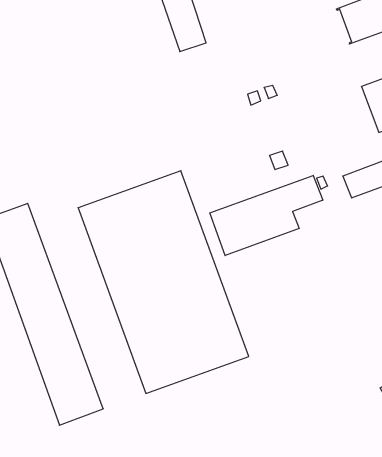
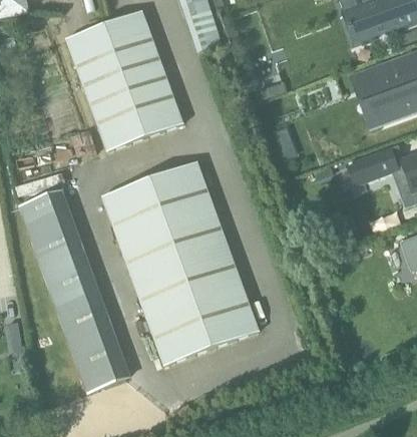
building: none -> [66,9,182,149]
building: [210,175,323,256] -> none

